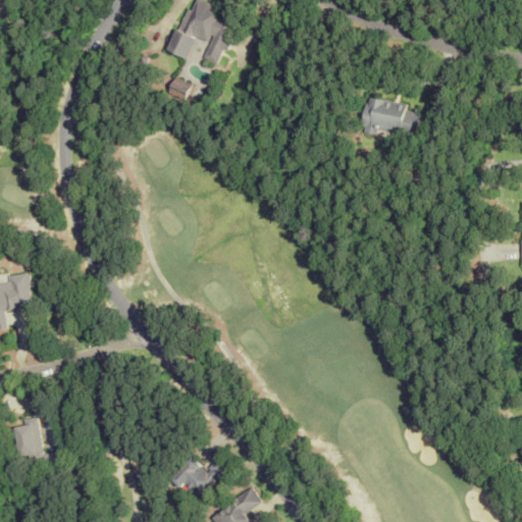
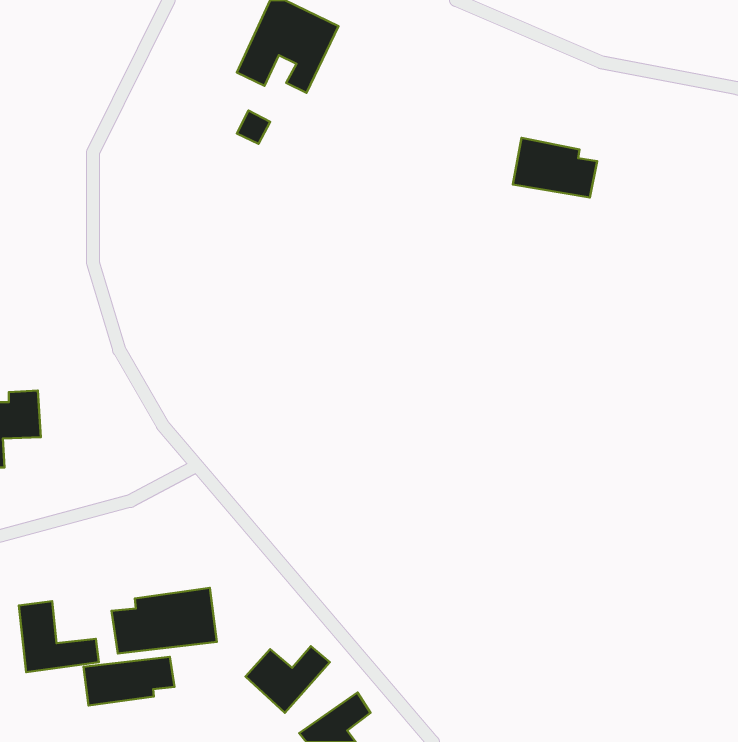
building: none -> [112,588,217,653]
building: none -> [83,657,174,706]

